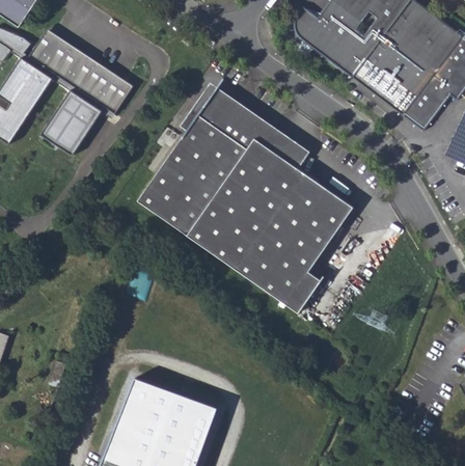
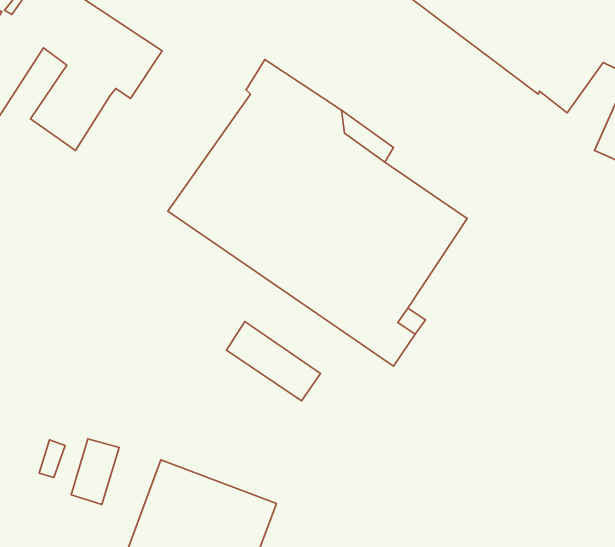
building: none -> [226,321,321,401]
building: none -> [71,439,119,504]

